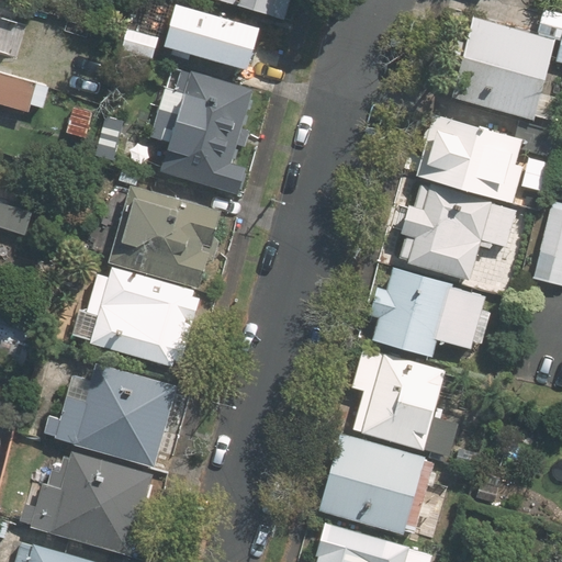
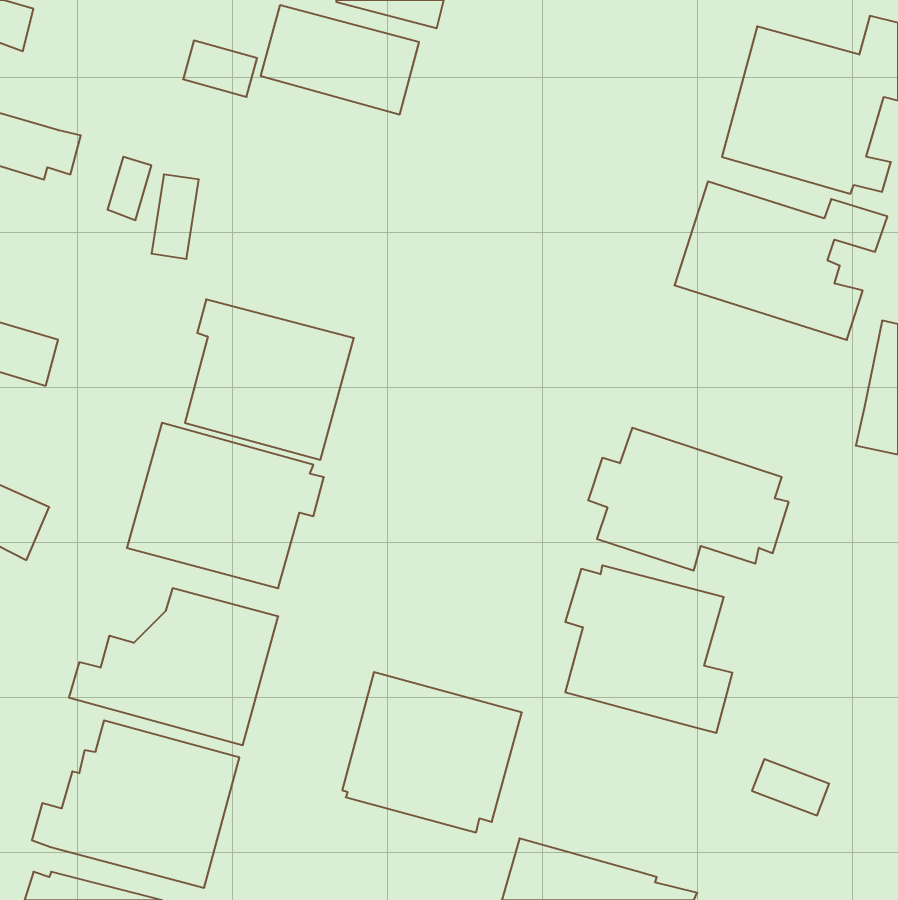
building: [146,68,254,193] -> none
building: [397,181,517,283] -> none
building: [322,435,434,535] -> [342,672,522,832]

